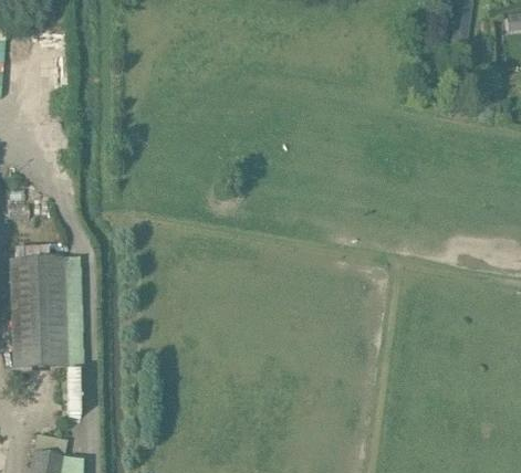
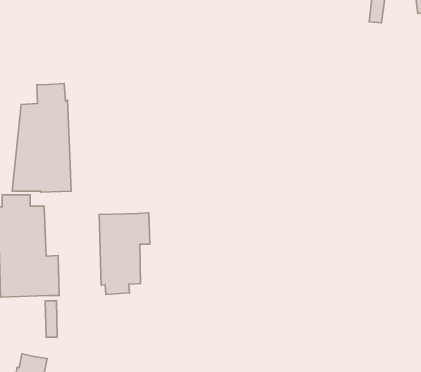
building: none -> [12,83,71,192]
building: none -> [99,213,150,294]

